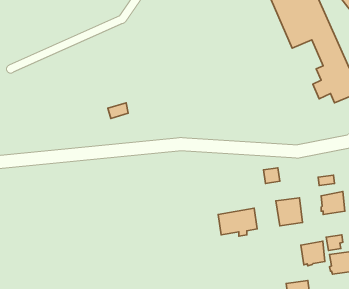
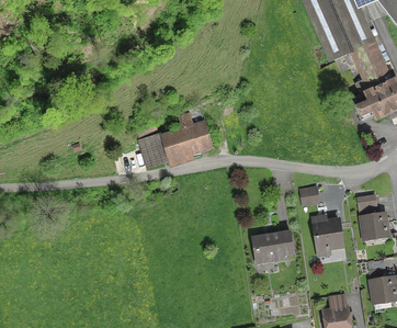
building: none -> [140,116,212,167]
building: [301,241,325,266] -> none

